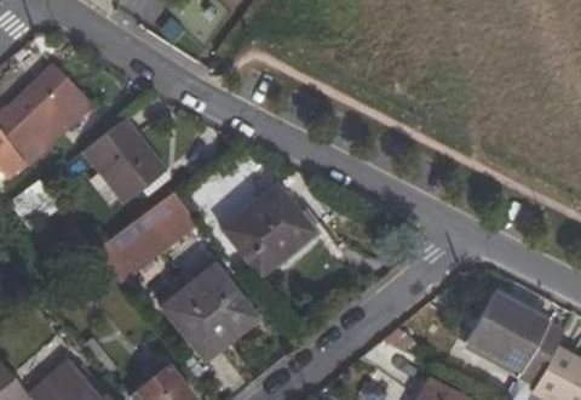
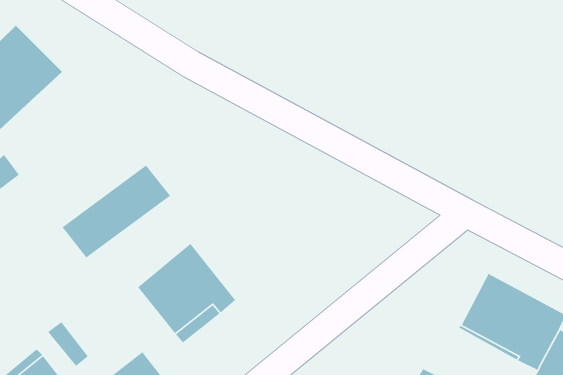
building: [82,121,169,205] -> none
building: [222,185,326,274] -> none

